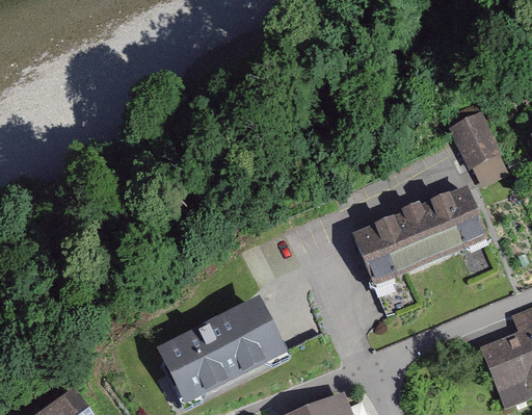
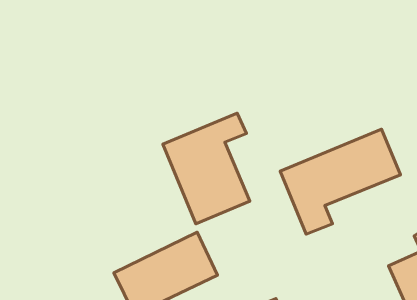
building: [445,110,501,177] -> none
building: none -> [163,113,250,224]

